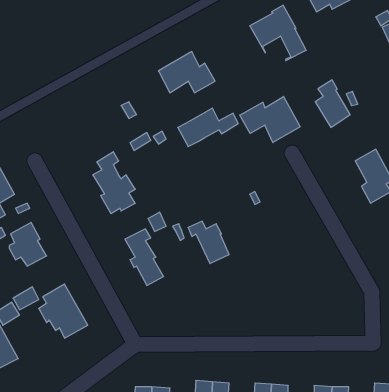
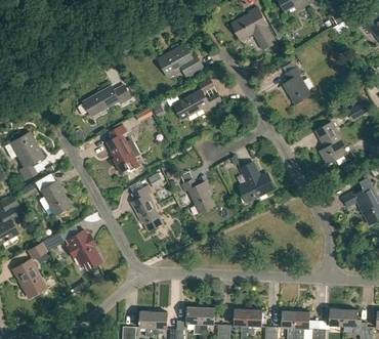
building: [240,96,300,143] -> none
building: none -> [78,84,132,116]
building: none -> [241,162,273,200]

